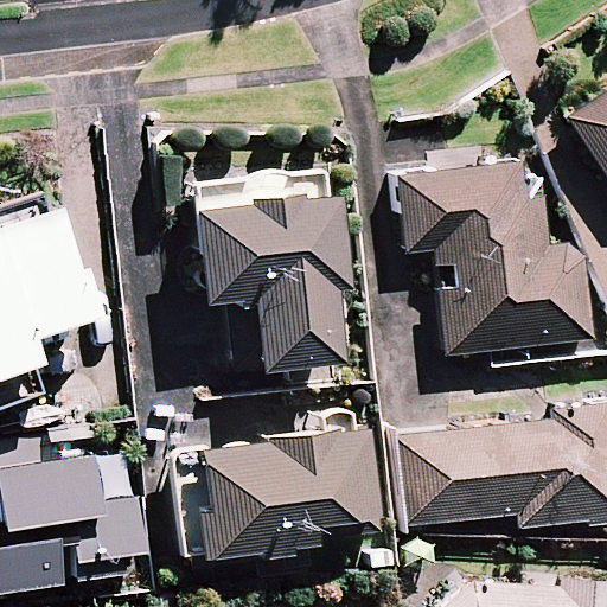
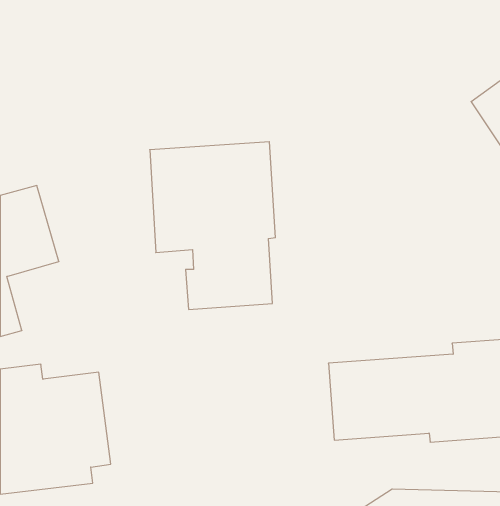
building: [400,164,595,358] -> none
building: [192,430,371,560] -> none

